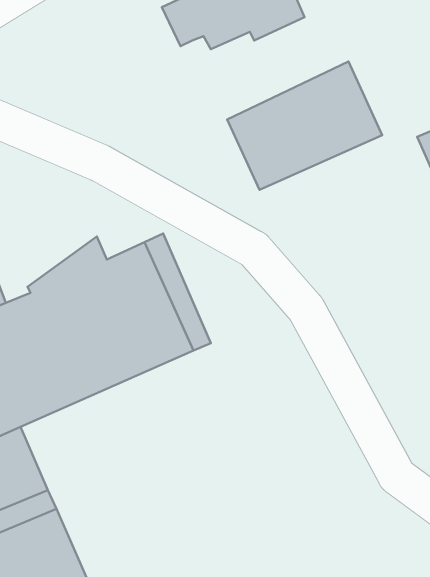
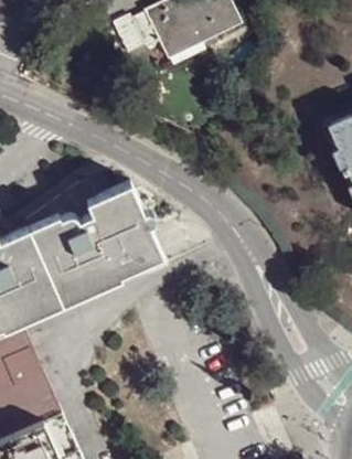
building: [227,62,382,190] -> none

